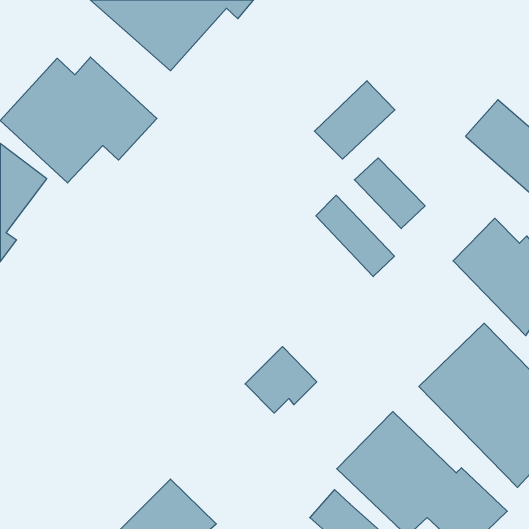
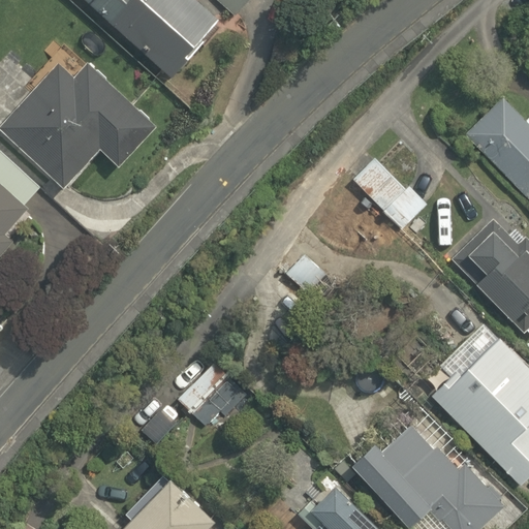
building: [314,81,395,159] -> none
building: [316,195,394,277] -> none
building: [245,347,317,413] -> [178,362,249,428]

